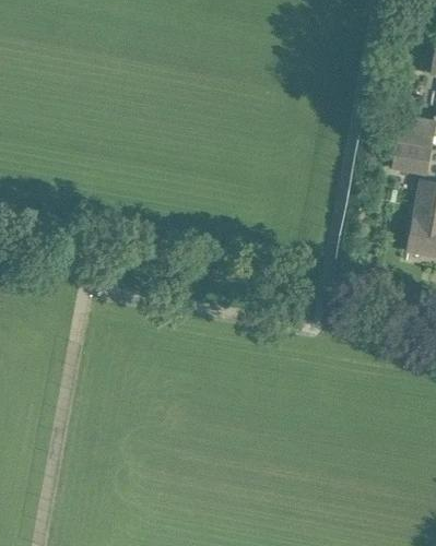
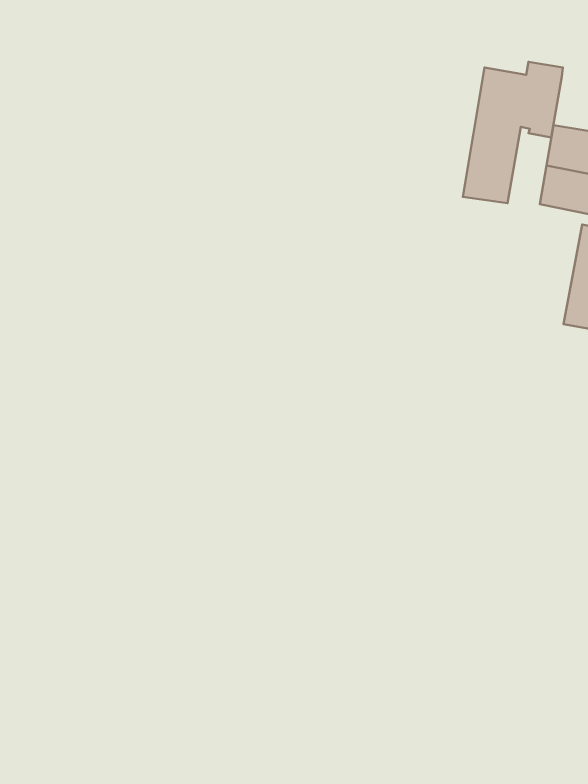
building: none -> [463,62,563,203]

